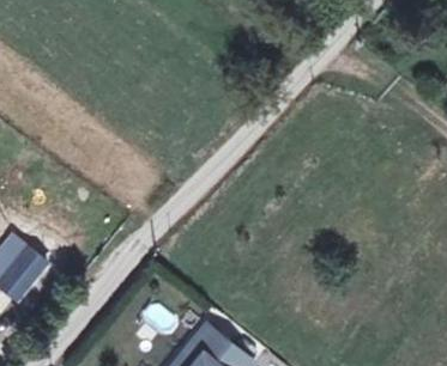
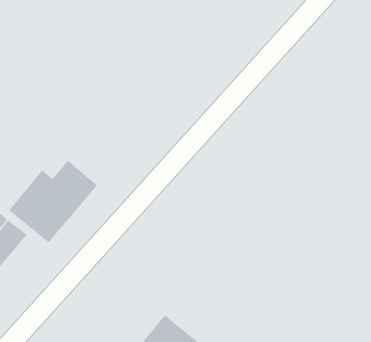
building: none -> [9,160,98,243]

